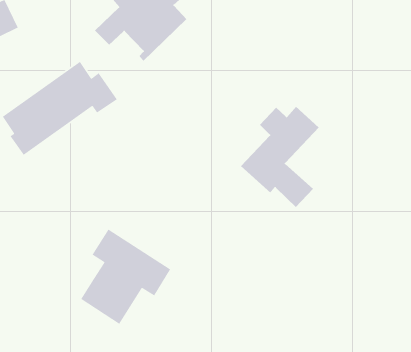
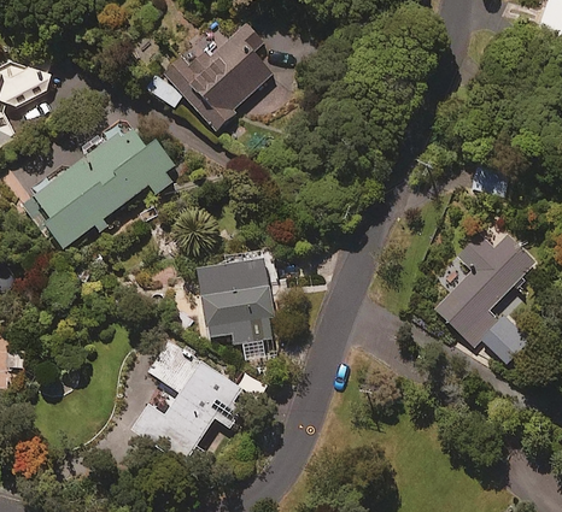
building: [240,106,319,208] -> [434,231,535,361]
building: none -> [198,248,276,357]

